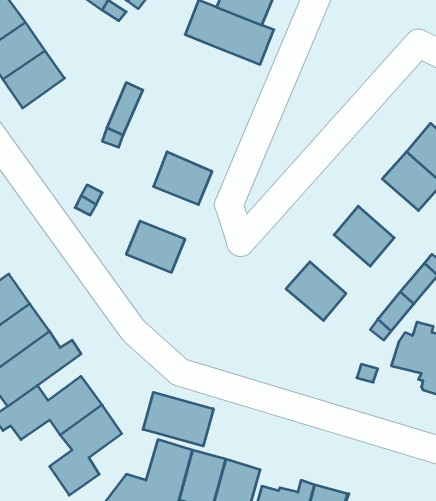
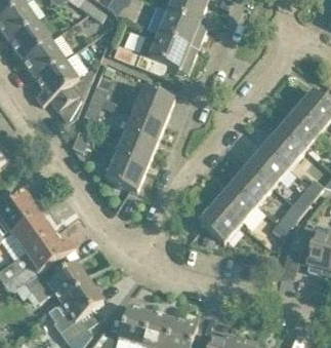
building: none -> [114,33,198,75]
building: none -> [36,57,95,122]
building: none -> [134,85,174,121]
building: none -> [264,126,305,166]
building: none -> [116,131,156,167]
building: none -> [232,164,273,204]
building: none -> [199,201,241,242]
building: [143,392,213,446] -> none

